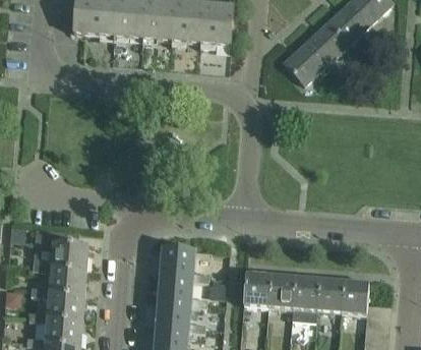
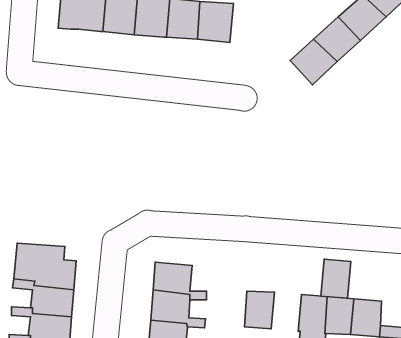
building: [267,273,295,308] -> [321,259,351,298]

